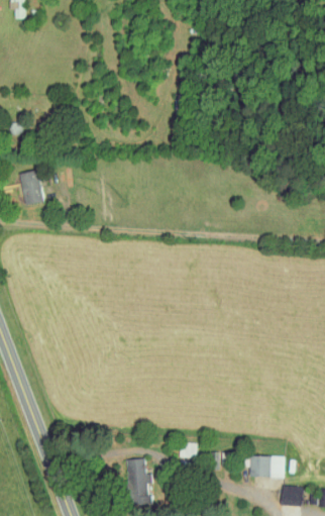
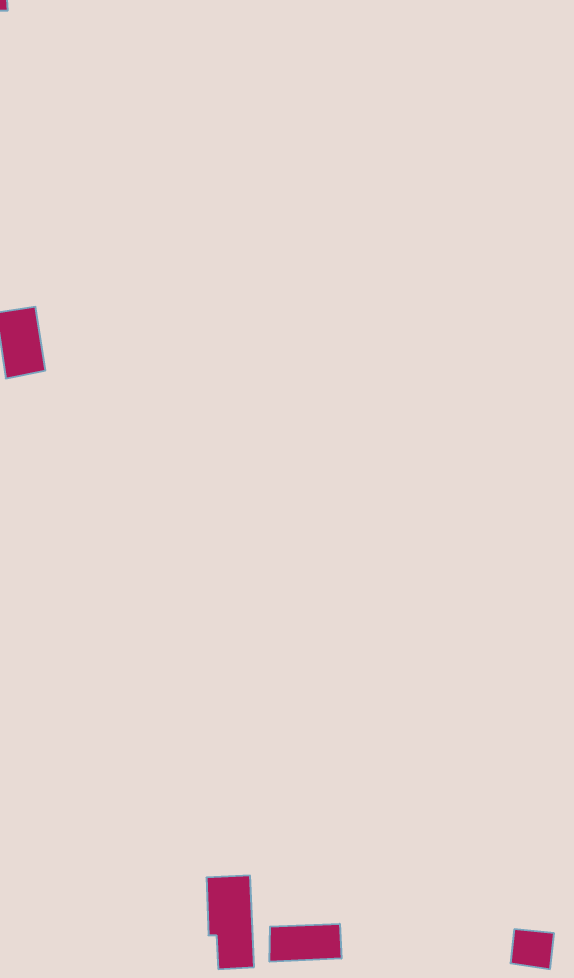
building: [248,456,284,478] -> none
building: none -> [270,924,341,962]

